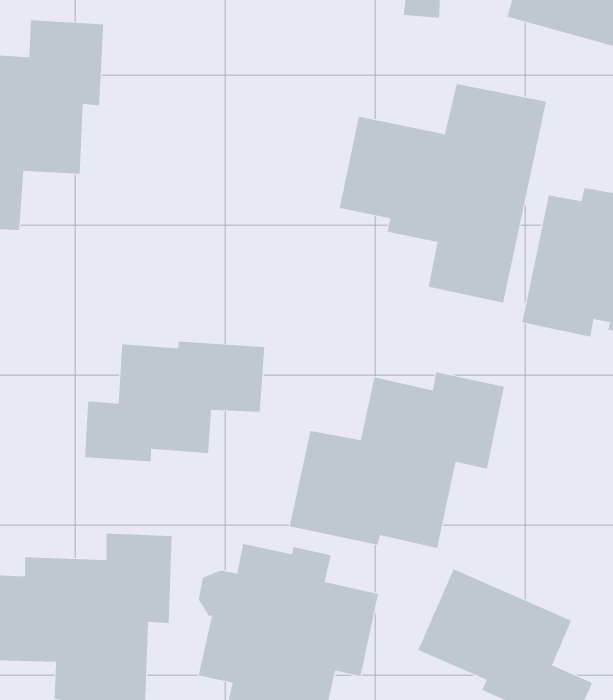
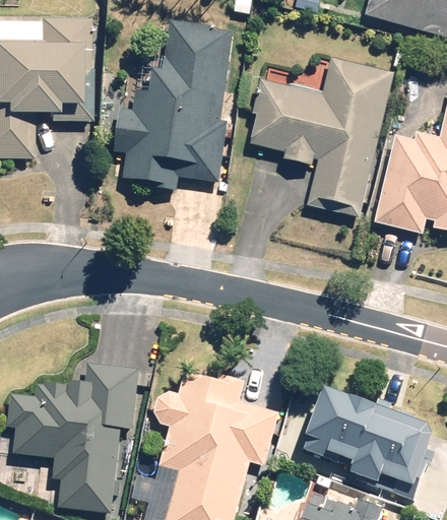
building: none -> [107,22,232,195]
building: [84,341,265,462] -> none
building: [289,372,505,549] -> none

